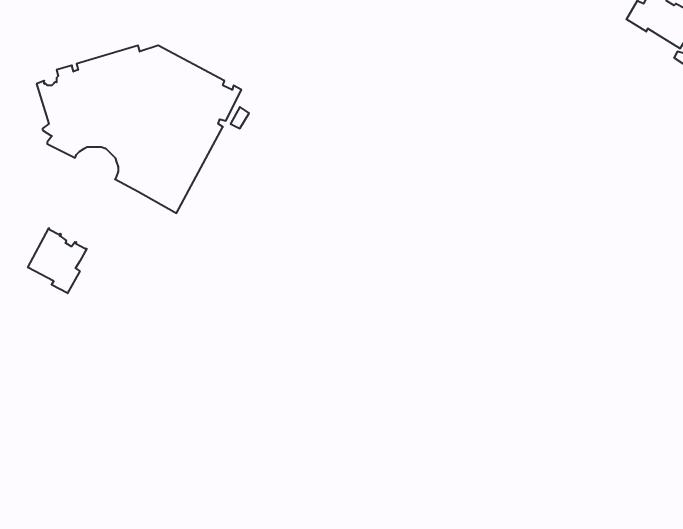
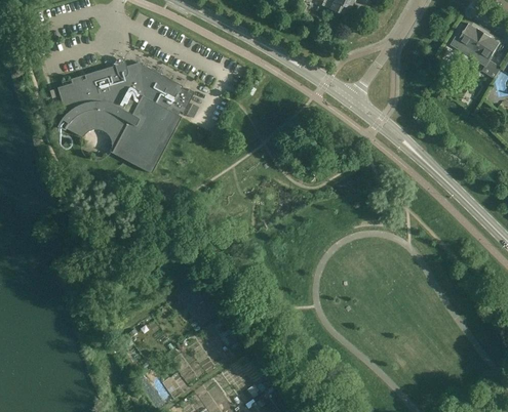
building: [28,228,87,293] -> none

